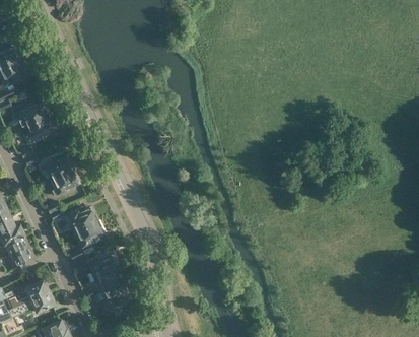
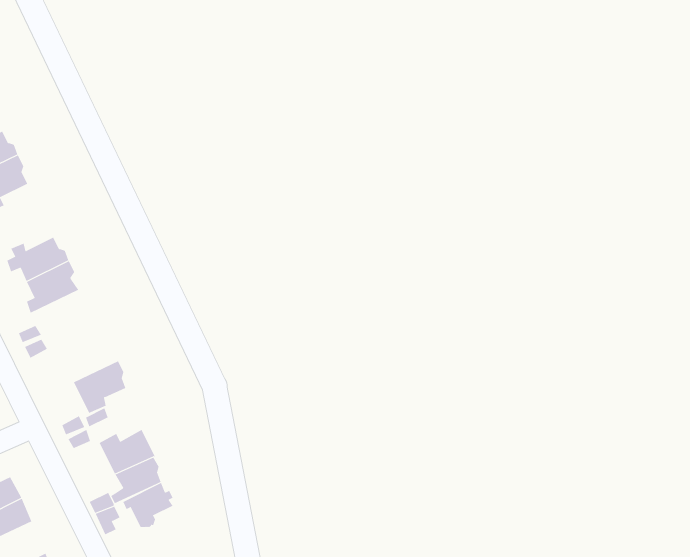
building: [66,209,97,232] -> none

